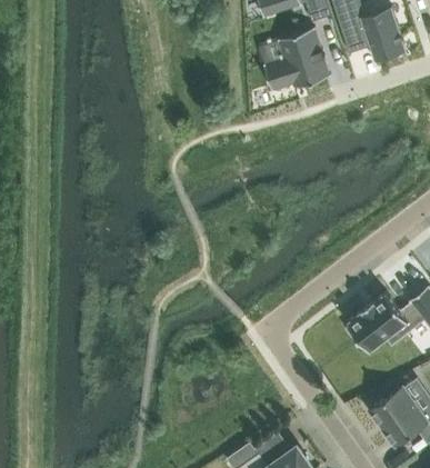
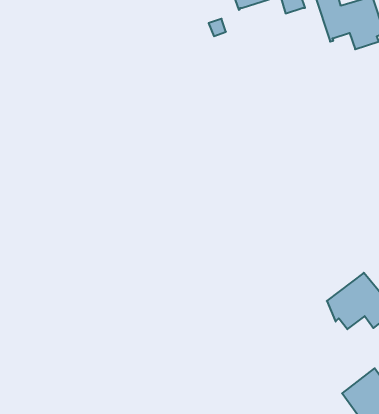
building: [263,28,331,92] -> none

